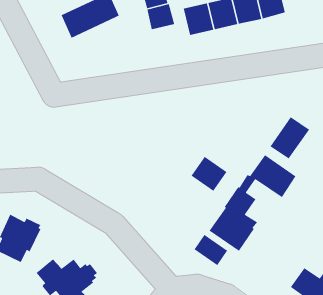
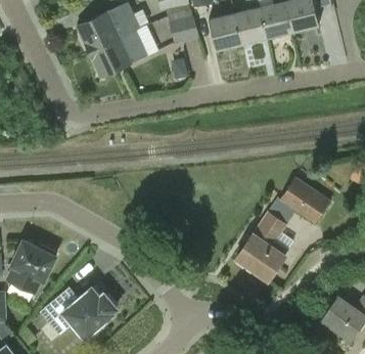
building: none -> [88,31,148,79]
building: [269,116,310,160] -> none
building: [190,156,228,192] -> none
building: [193,234,228,266] -> none

